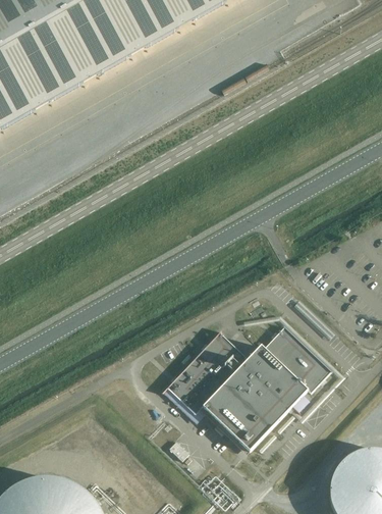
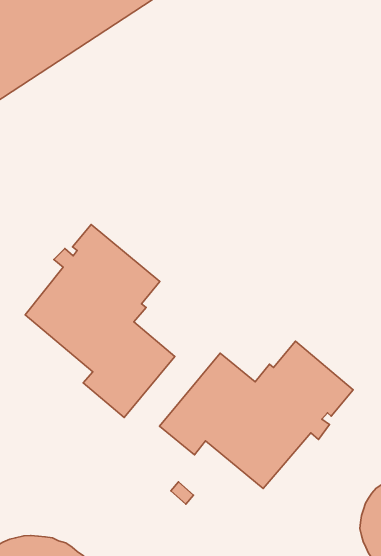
building: none -> [25,224,175,418]

